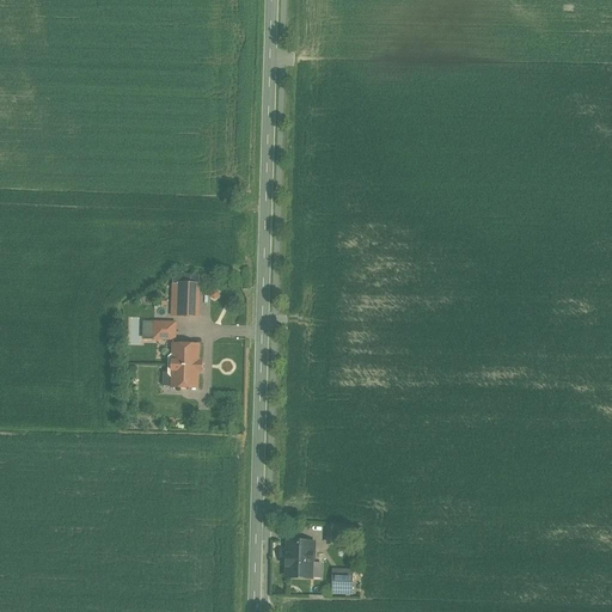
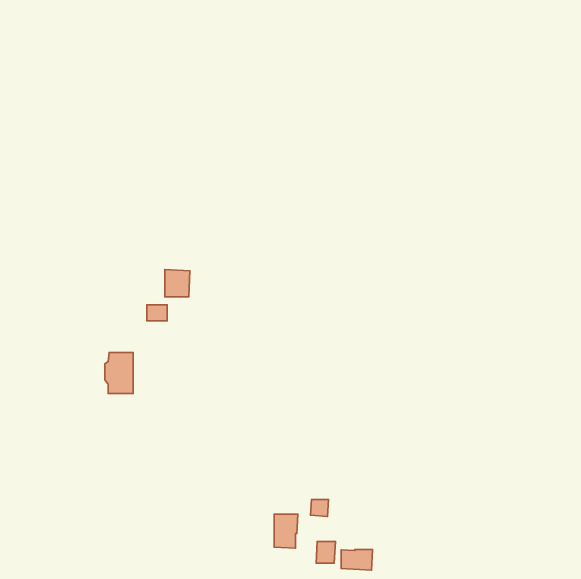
building: [169,343,198,386] -> [105,352,133,393]
building: none -> [341,550,373,570]

